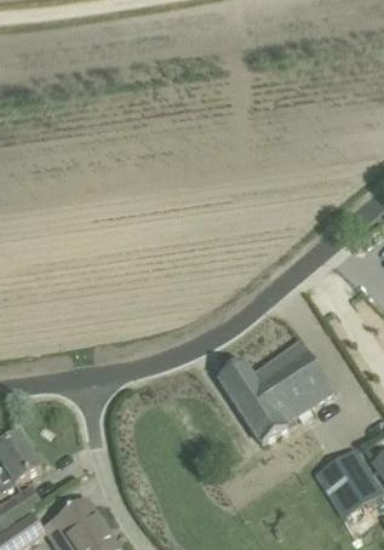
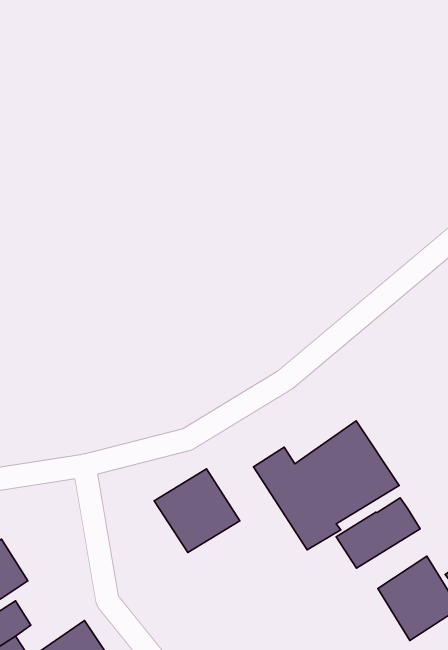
building: none -> [154,469,240,553]
building: none -> [336,498,420,568]

